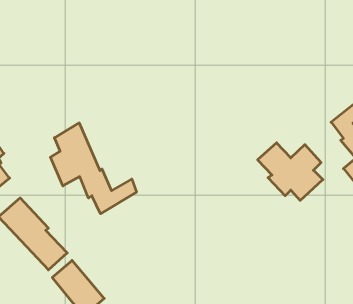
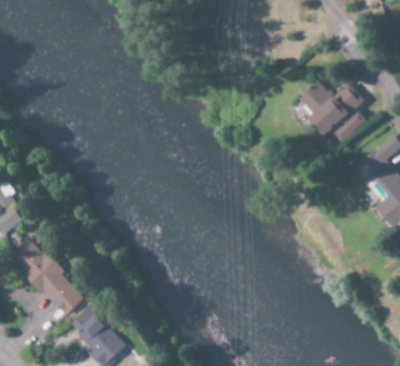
building: [50,123,136,214] -> none
building: [258,143,323,200] -> [298,81,367,142]

